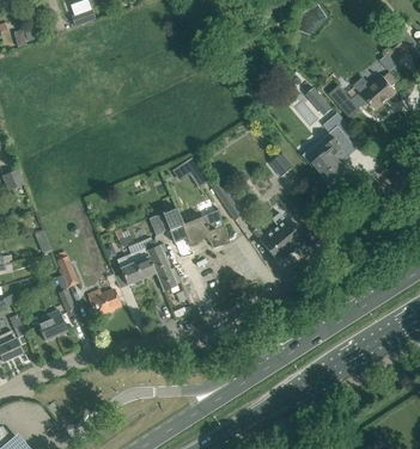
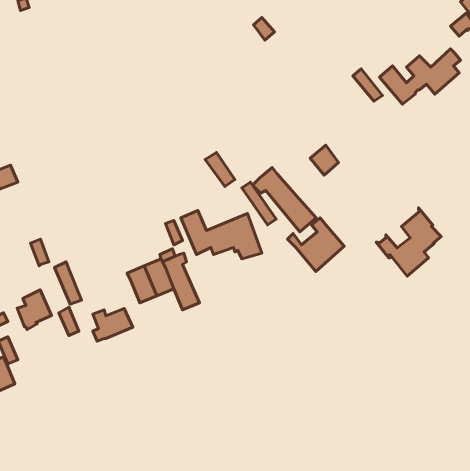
building: [302,124,357,182] -> [376,208,441,276]
building: none -> [252,167,316,232]
building: [38,308,67,342] -> [17,290,51,330]

